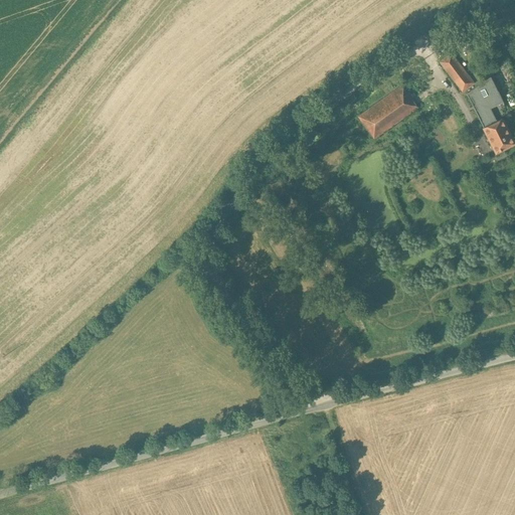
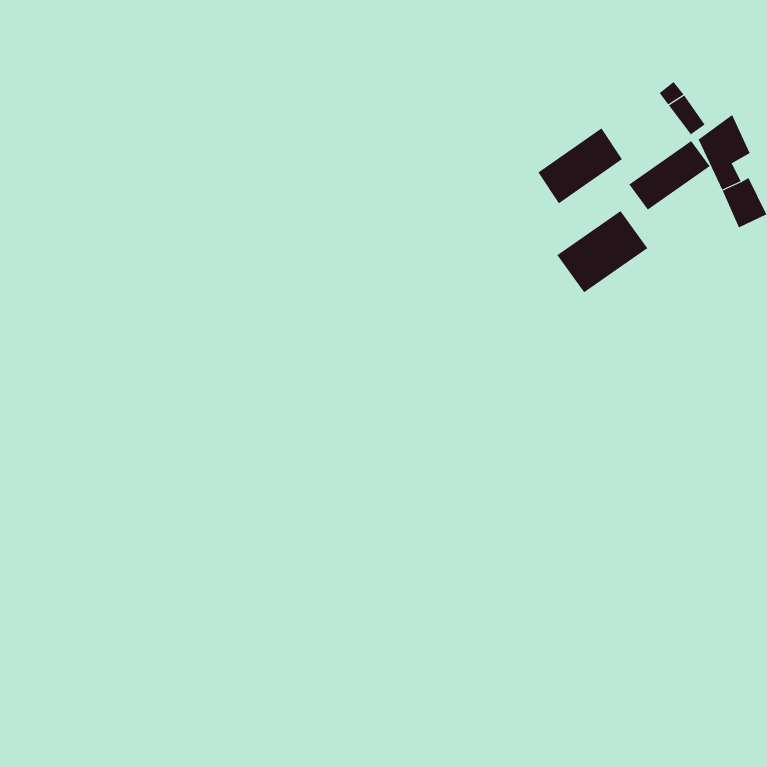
building: none -> [628,140,711,210]
building: none -> [556,210,648,293]

